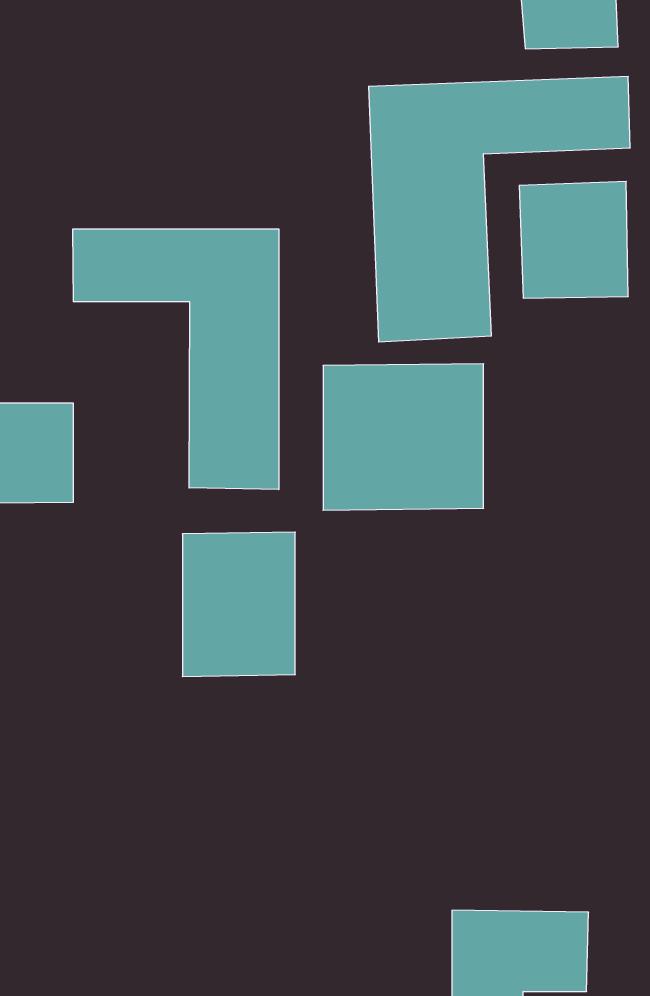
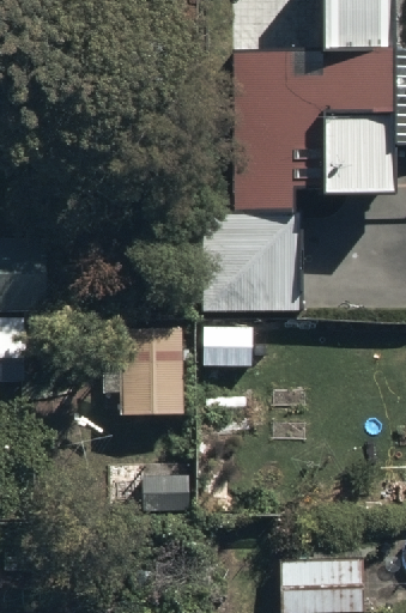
building: [73,229,279,490] -> none

